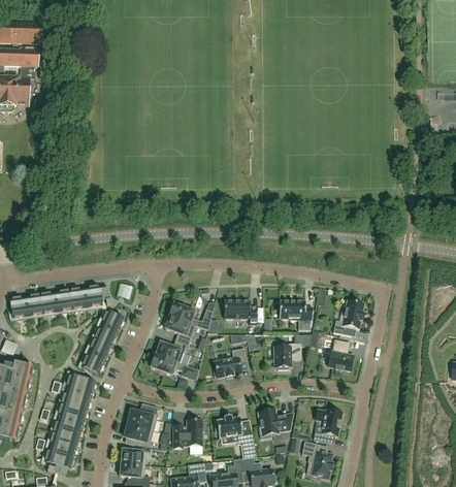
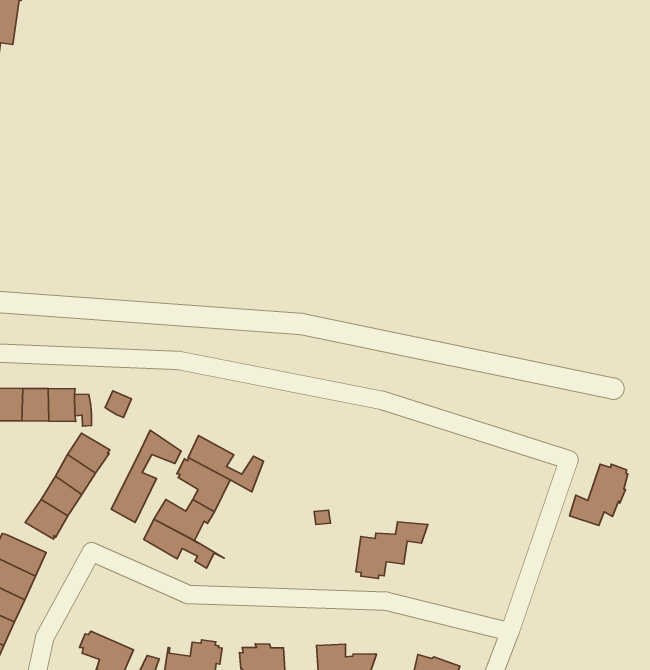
building: [333,299,363,335] -> [569,464,628,525]
building: [224,300,257,324] -> none
building: [279,300,313,330] -> none
building: none -> [111,430,181,523]
building: [328,339,353,371] -> none
building: [213,348,247,378] -> none
building: [126,403,158,430] -> none

